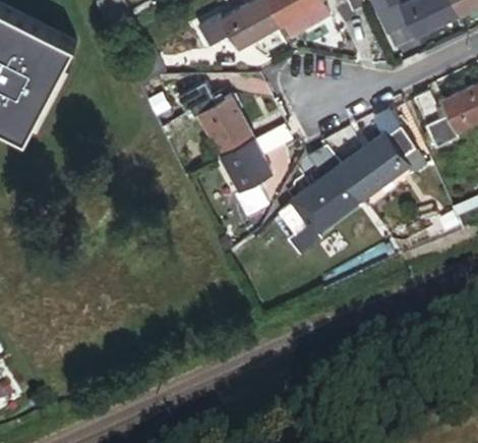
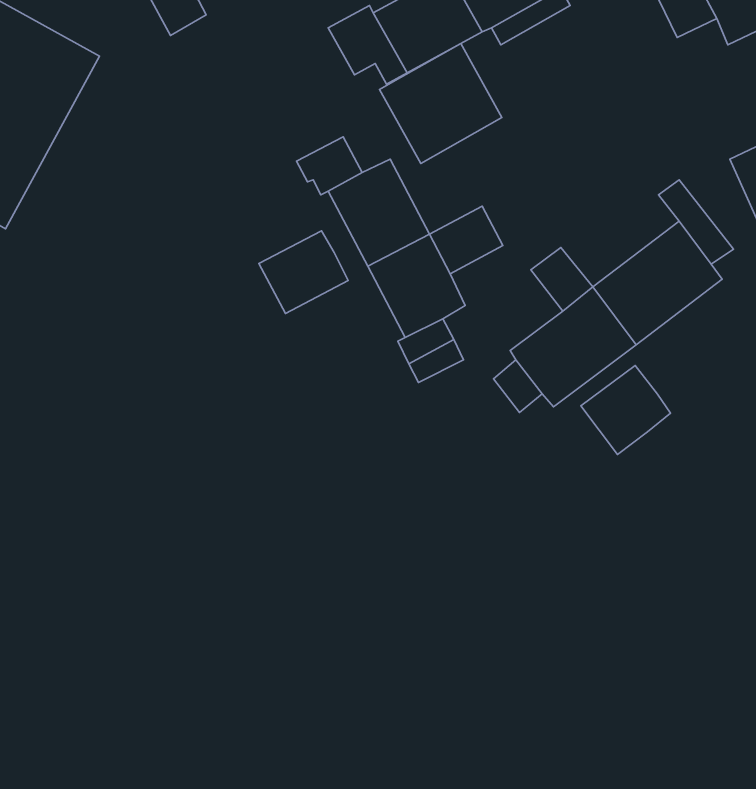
building: none -> [380,44,502,163]
building: none -> [259,231,348,313]
building: none -> [581,365,670,454]

